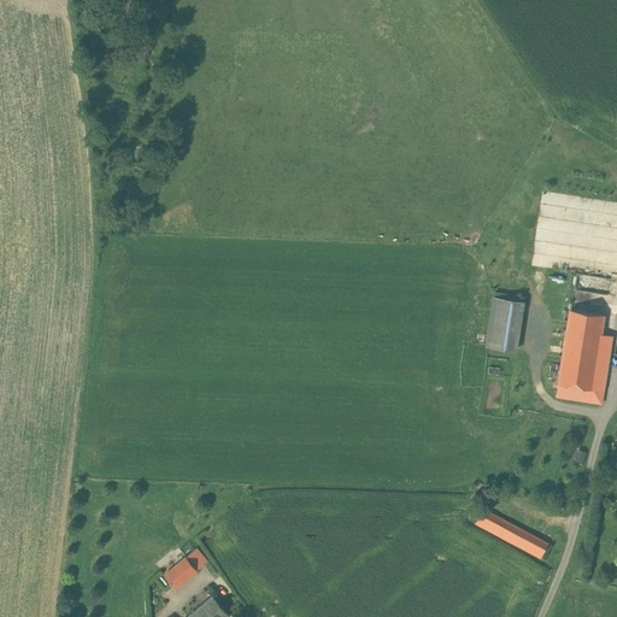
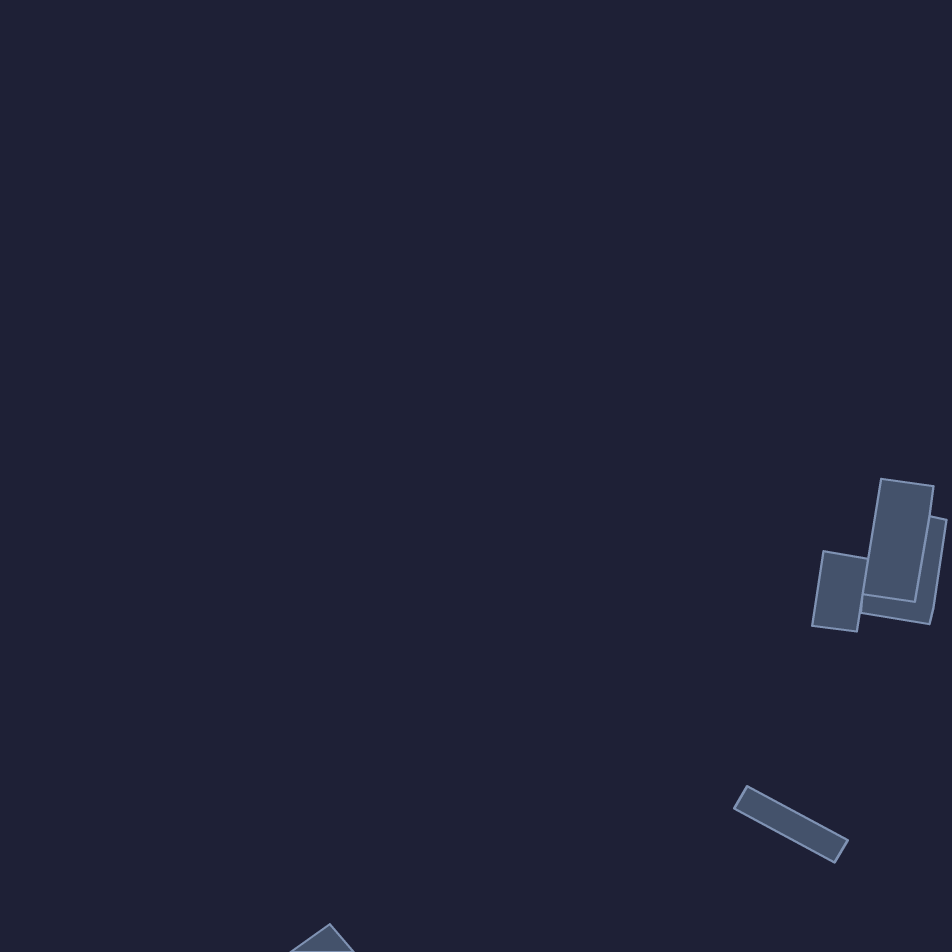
building: [487,298,523,349] -> [812,551,868,631]
building: [163,557,198,589] -> none

